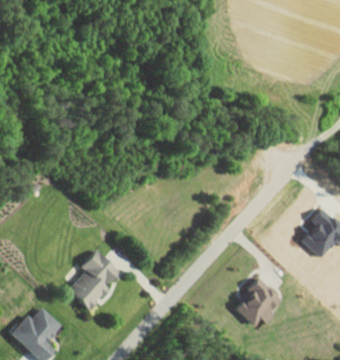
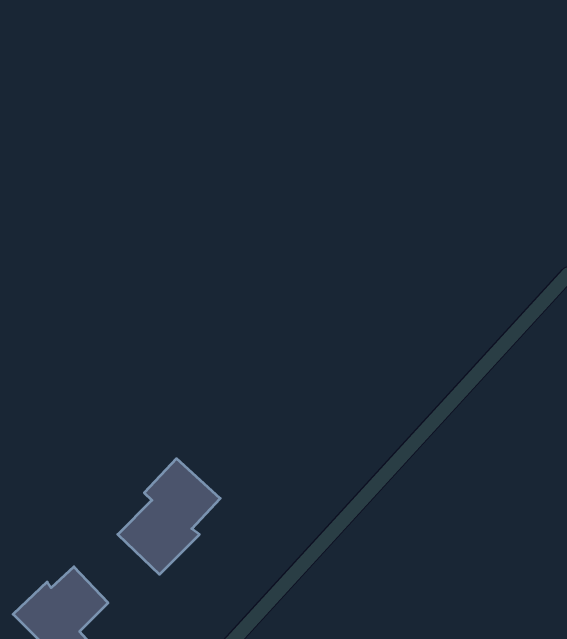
building: [235,277,280,326] -> none

